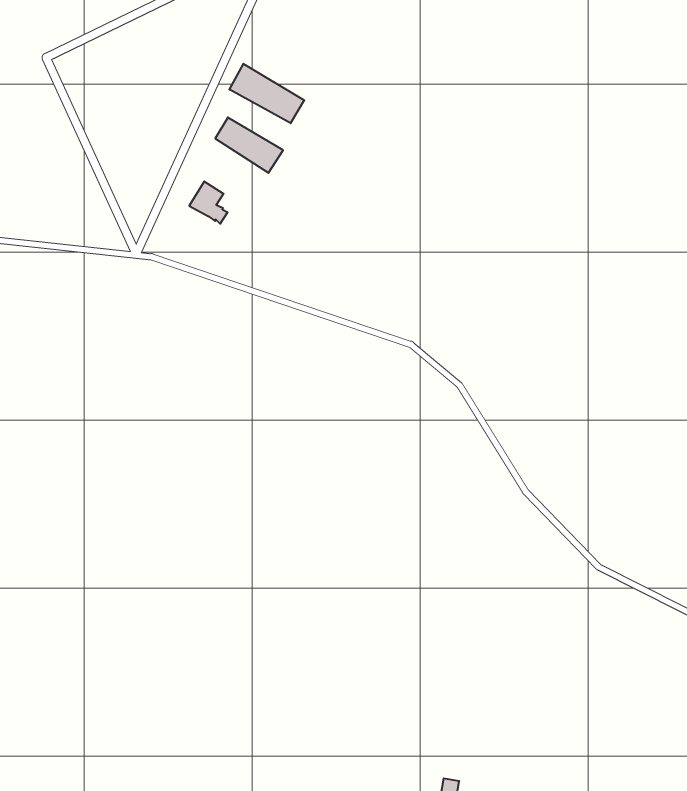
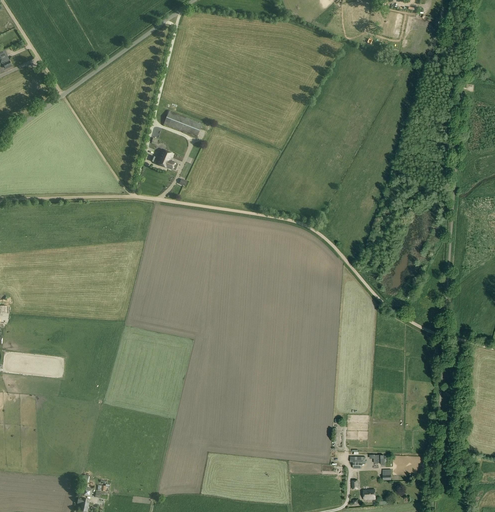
building: [229,64,304,123] -> none

